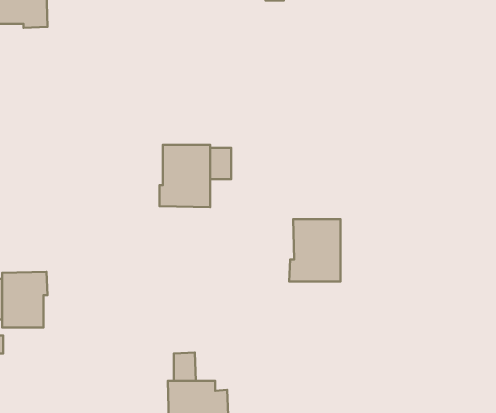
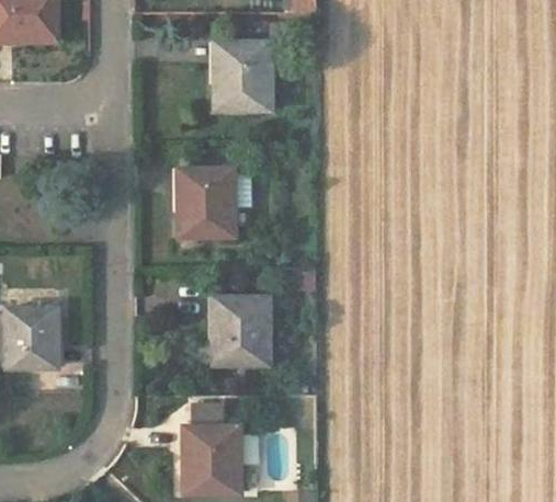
building: none -> [214,41,270,110]
building: [289,219,341,282] -> [212,295,268,363]

